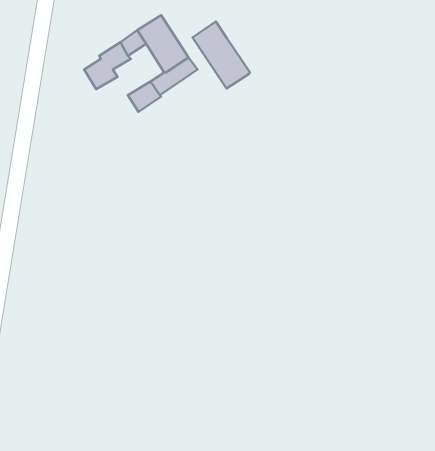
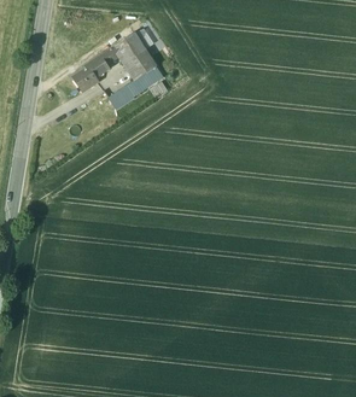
building: [193,21,250,88] -> none

